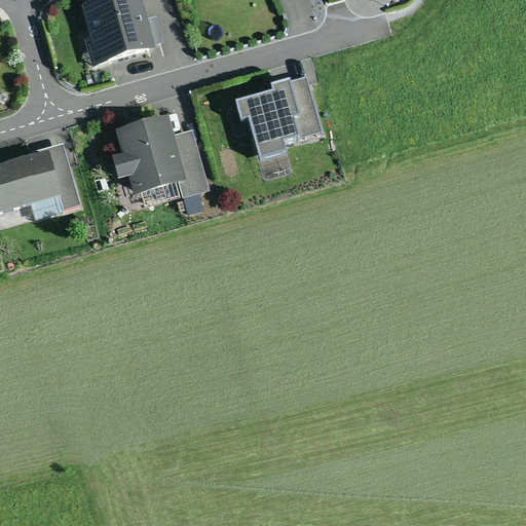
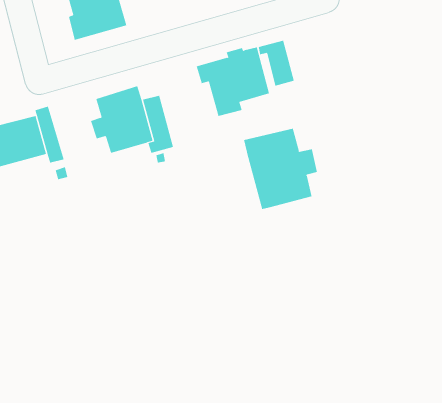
building: none -> [258,40,294,87]
building: none -> [243,128,317,210]

